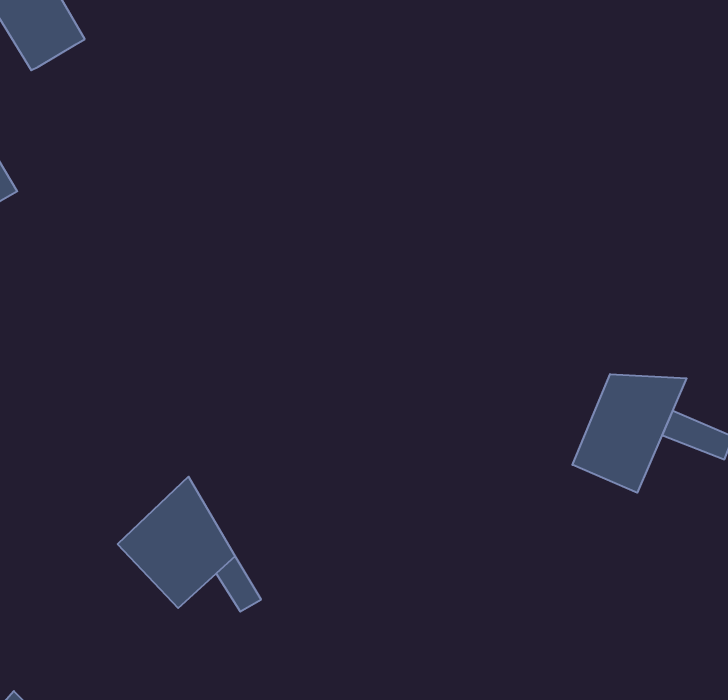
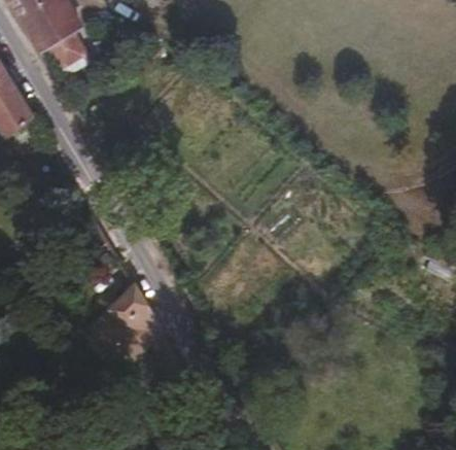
building: none -> [44,28,82,68]
building: [572,374,687,493] -> none

